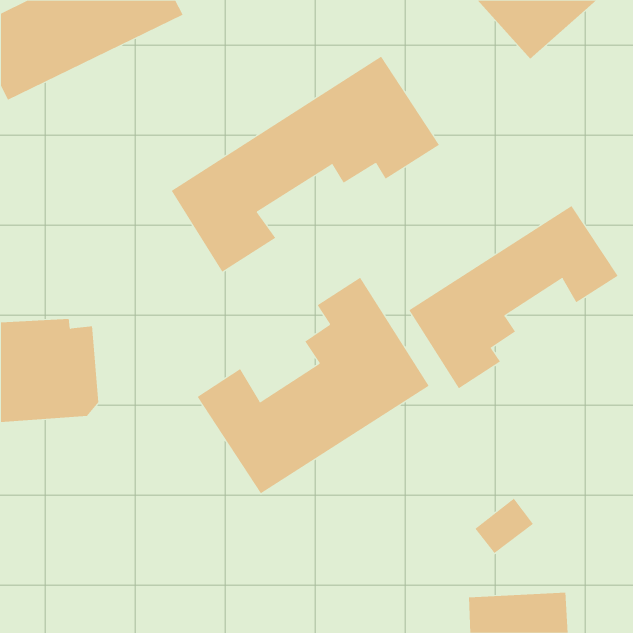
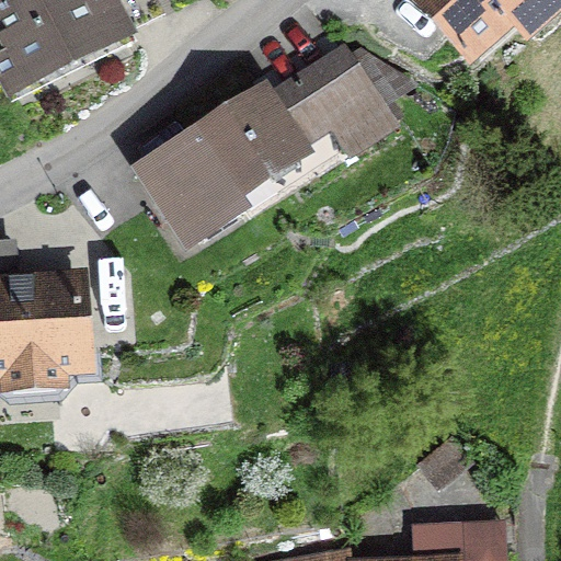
building: [409,205,618,389] -> none
building: [197,277,429,494] -> none

